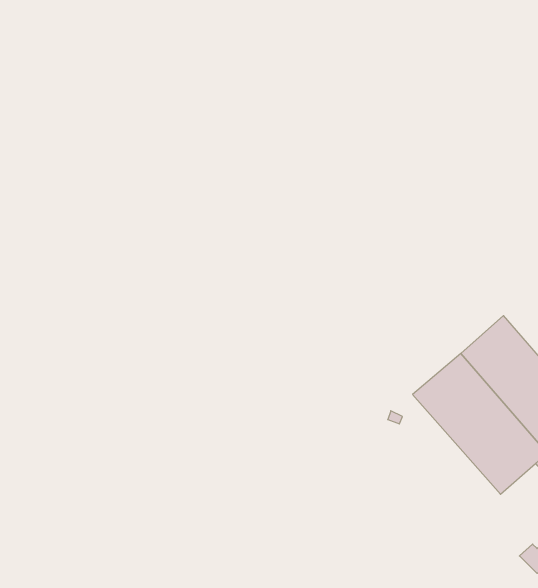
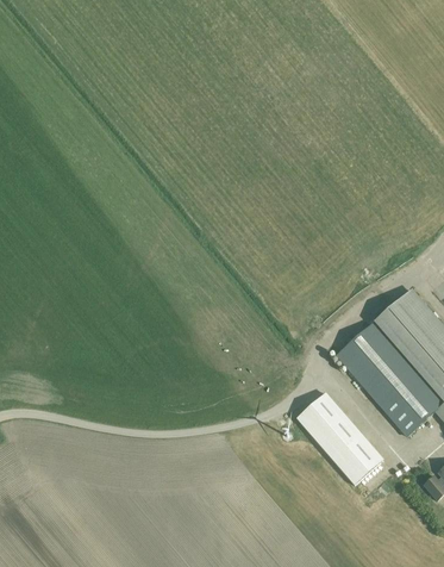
building: none -> [296,393,382,484]

